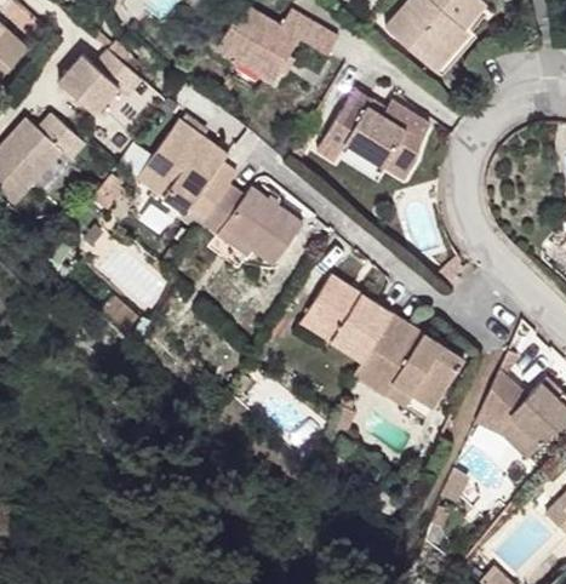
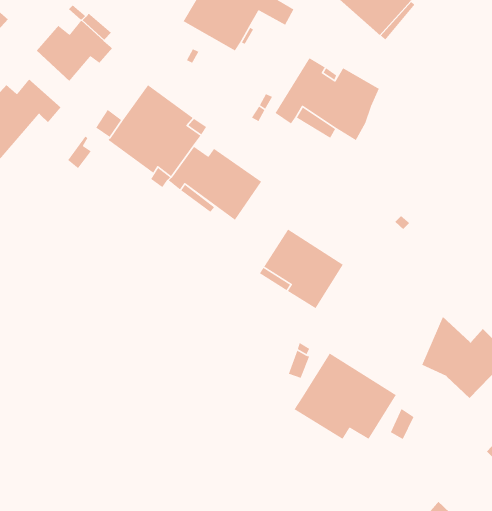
building: [353,313,464,407] -> [294,352,397,440]

